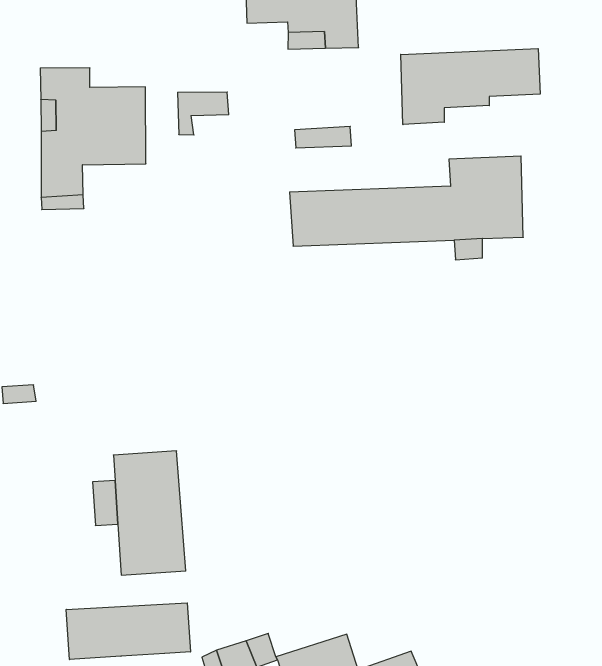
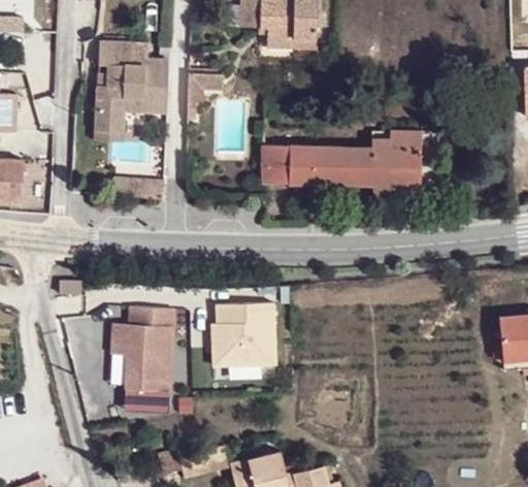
building: [401,49,540,125] -> none
building: none -> [212,304,276,370]
building: [66,603,190,660] -> none

